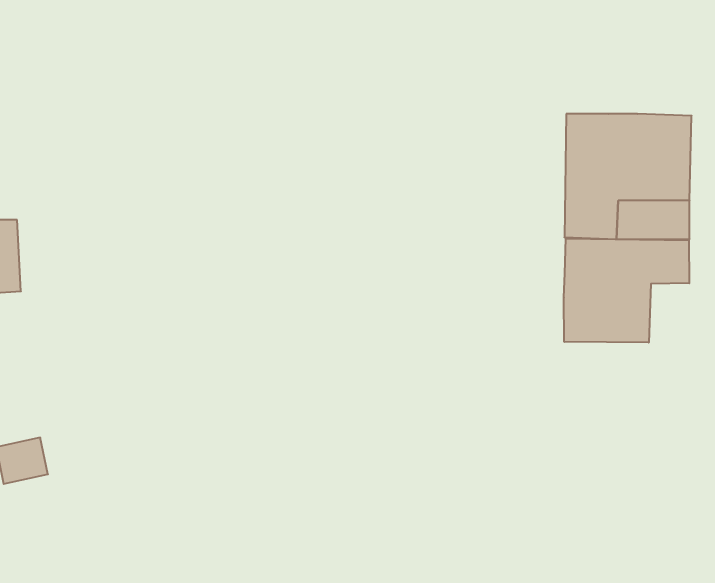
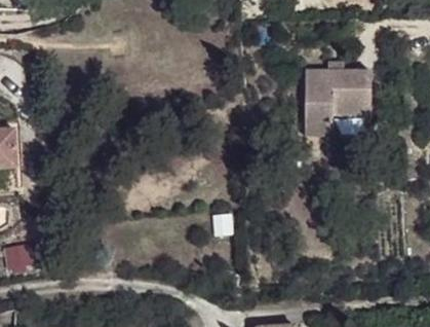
building: [564,238,689,343] -> none

